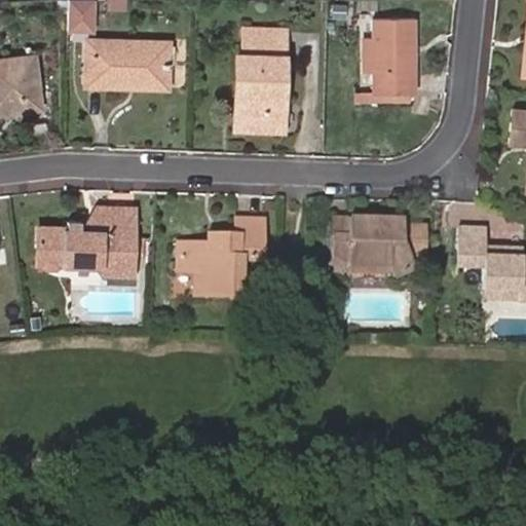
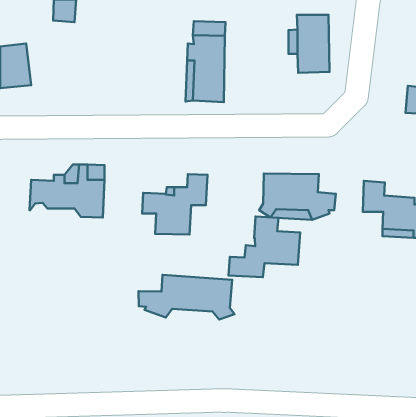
building: [87,40,168,84] -> none
building: none -> [229,217,300,277]
building: none -> [139,275,234,320]

